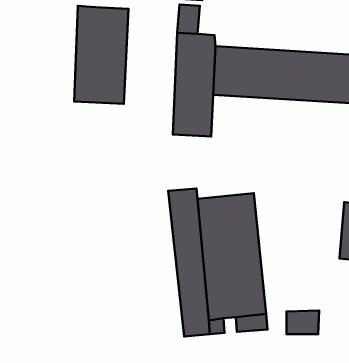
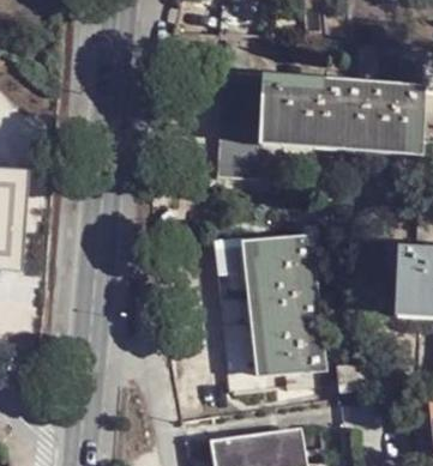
building: [74,6,128,104] -> none

